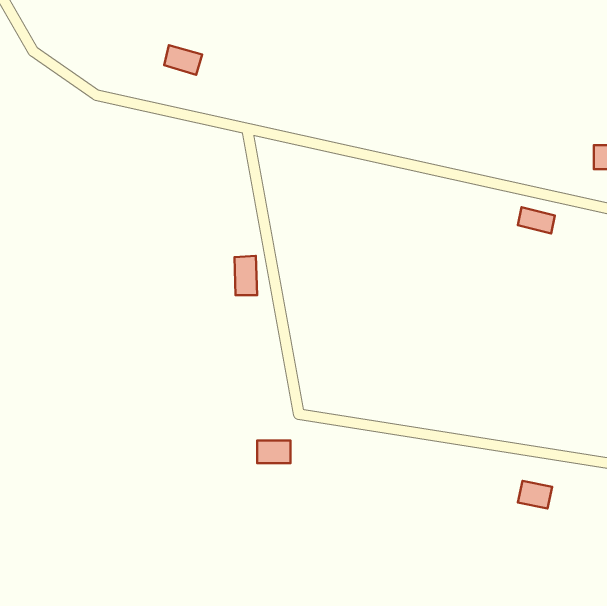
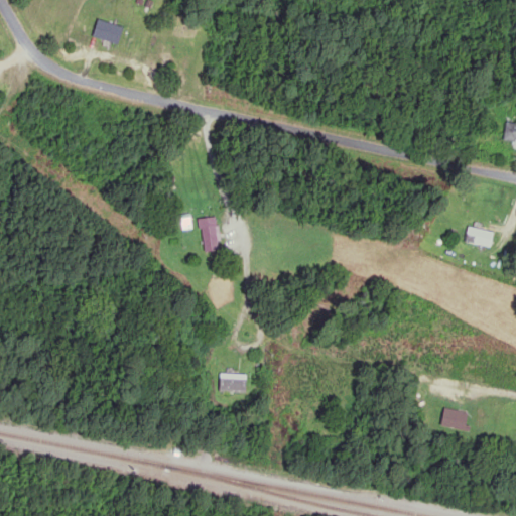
building: [164,45,202,75] -> [92,18,124,43]
building: [518,207,555,233] -> [464,225,495,247]

